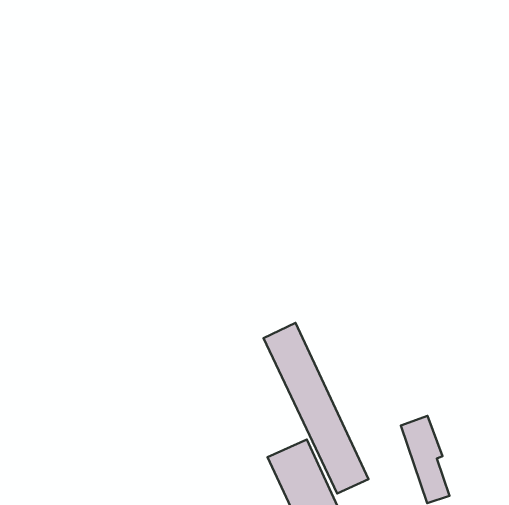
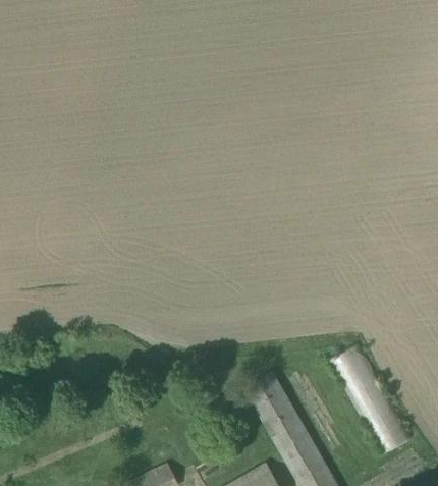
building: [263,323,368,494] -> none

